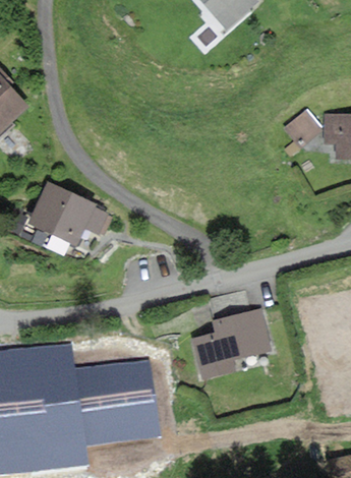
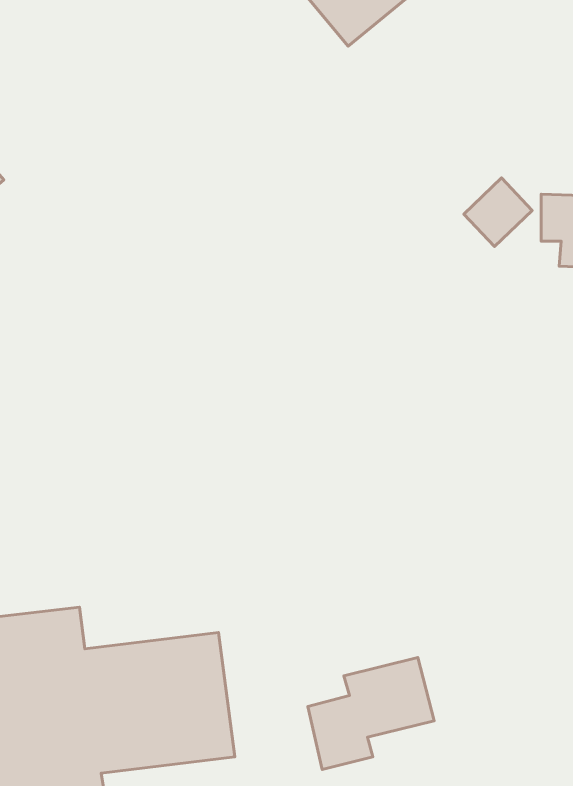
building: [32,184,104,240] -> none
building: [196,312,268,375] -> [308,658,434,769]

